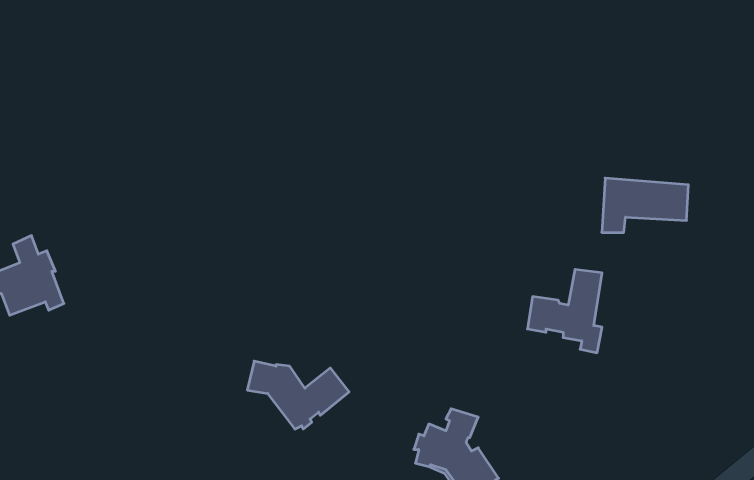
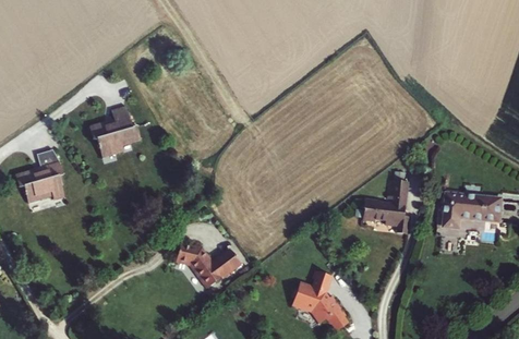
building: none -> [85,104,135,157]
building: [602,178,688,232] -> [446,195,502,230]

